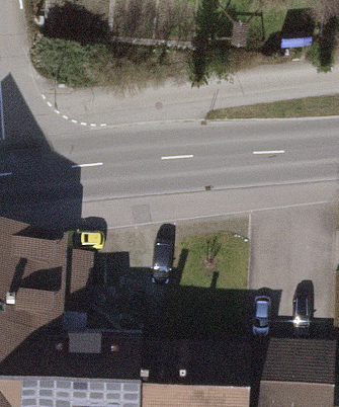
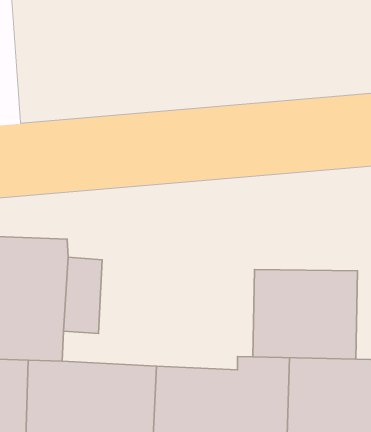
building: none -> [253,269,358,359]

